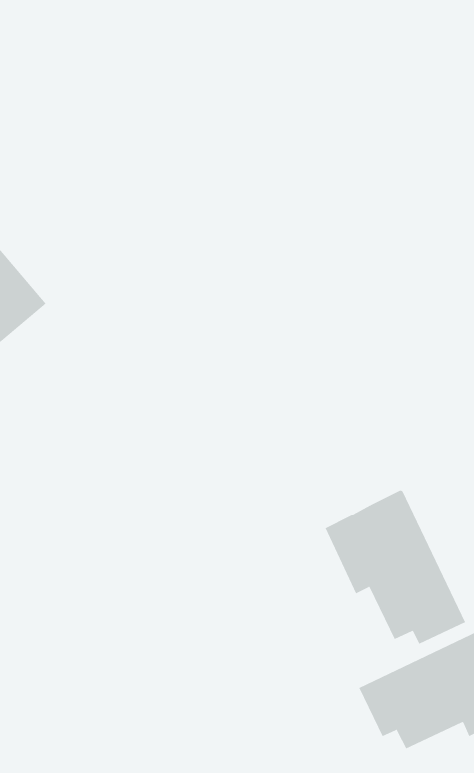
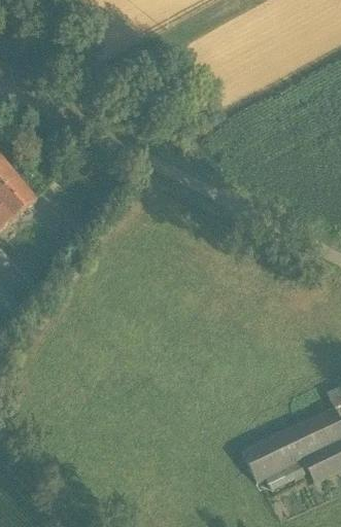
building: [325,490,466,644] -> none

